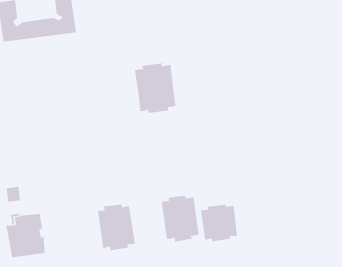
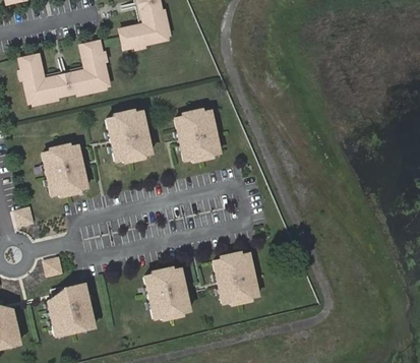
building: none -> [104,110,153,166]
building: none -> [41,143,89,199]
building: [201,204,237,242] -> none

